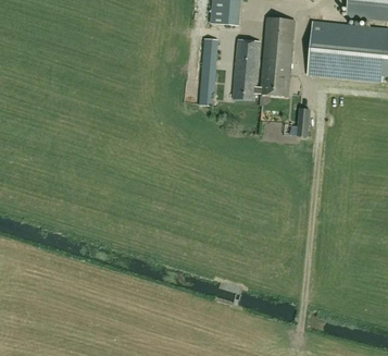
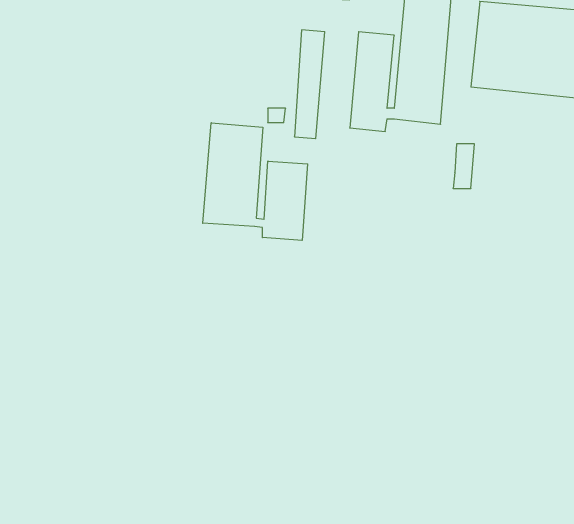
building: none -> [203,123,308,240]

